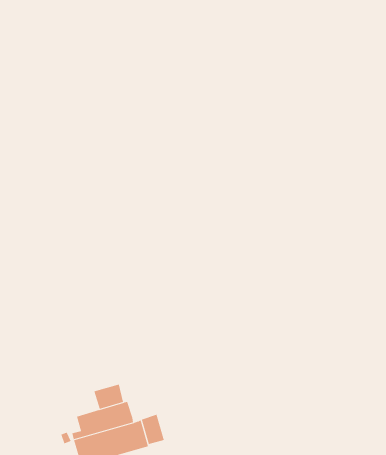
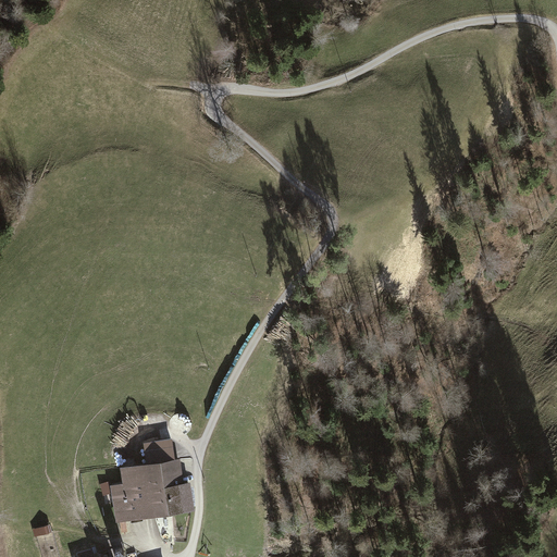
building: [141,414,164,445] -> none

